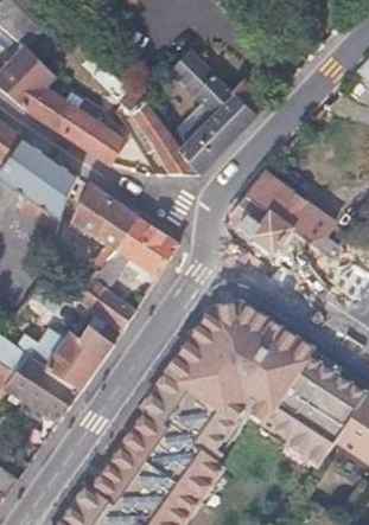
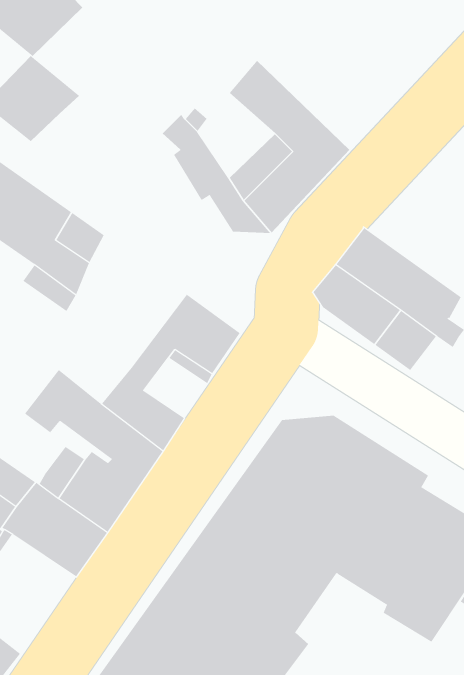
building: [26,89,129,166] -> none
building: [72,184,139,273] -> none

